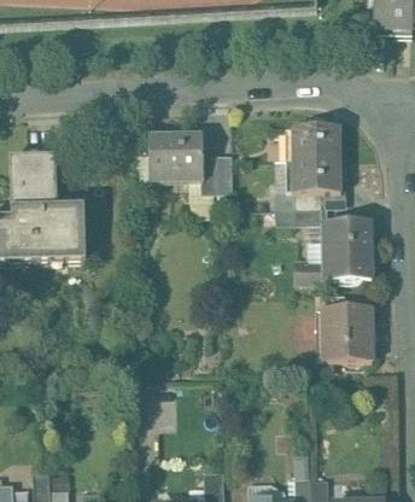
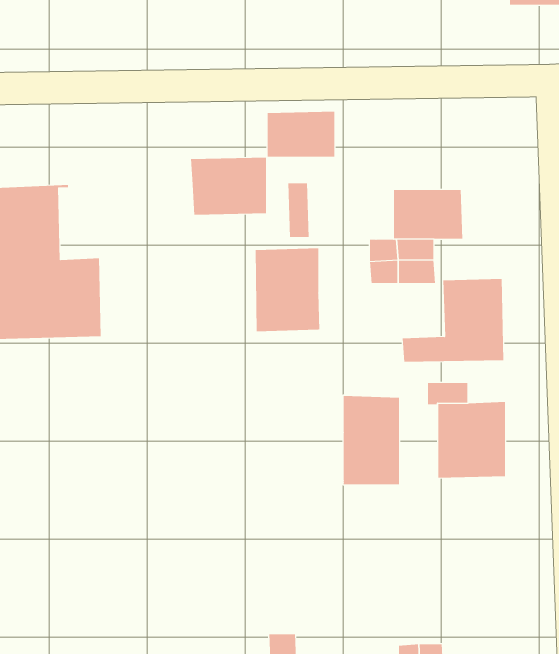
building: [291,126,339,158] -> [267,111,335,157]
building: none -> [255,248,320,332]
building: none -> [343,395,400,485]

